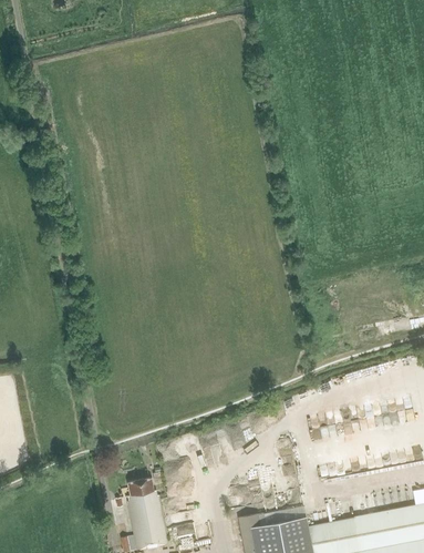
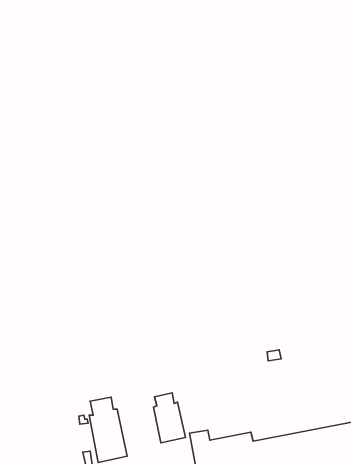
building: none -> [154,393,185,443]

